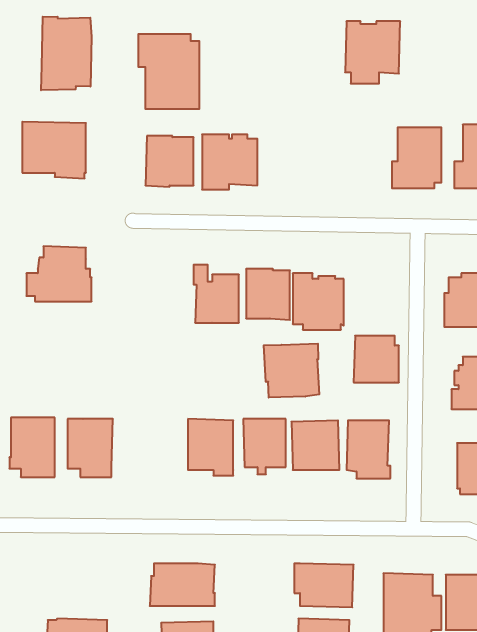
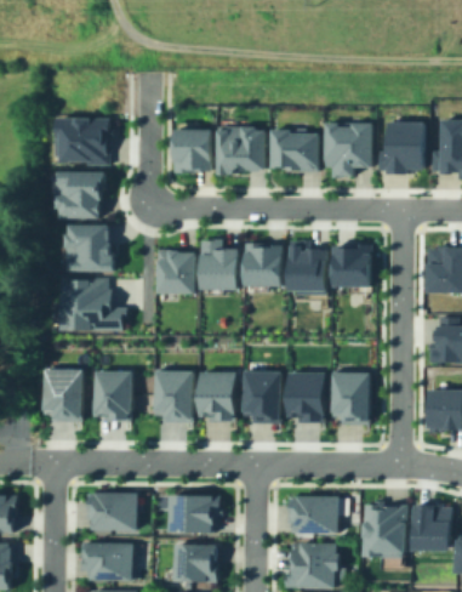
building: [41,17,92,90] -> none
building: [345,21,400,84] -> [316,123,364,176]
building: [138,34,199,109] -> none
building: none -> [263,129,309,171]
building: none -> [61,170,108,217]
building: none -> [155,250,195,294]
building: none -> [57,278,124,331]
building: [354,336,399,382] -> [335,245,373,285]
building: [264,344,319,398] -> none
building: none -> [158,371,194,422]
building: none -> [84,493,139,530]

